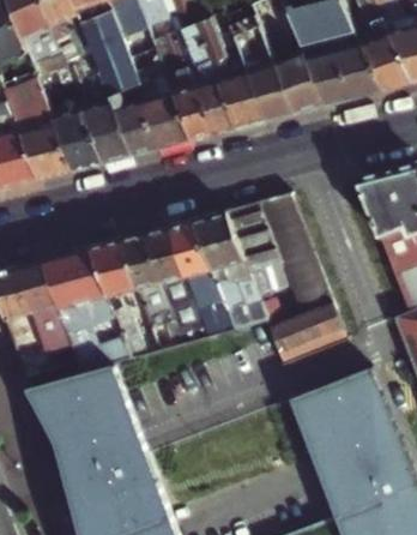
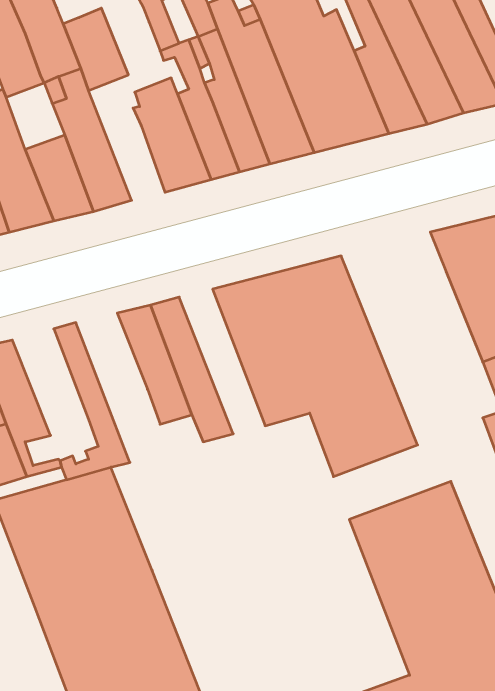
building: [99,60,157,155] -> none
building: [168,222,232,331] -> none
building: [90,240,145,353] -> none
building: [42,252,99,354] -> none

